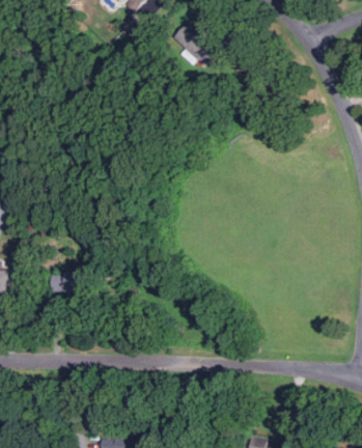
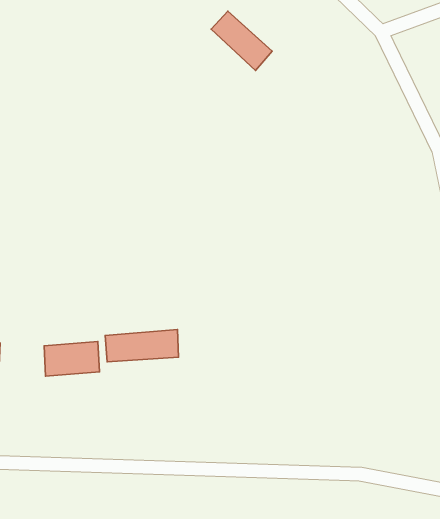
building: none -> [105,329,178,362]

